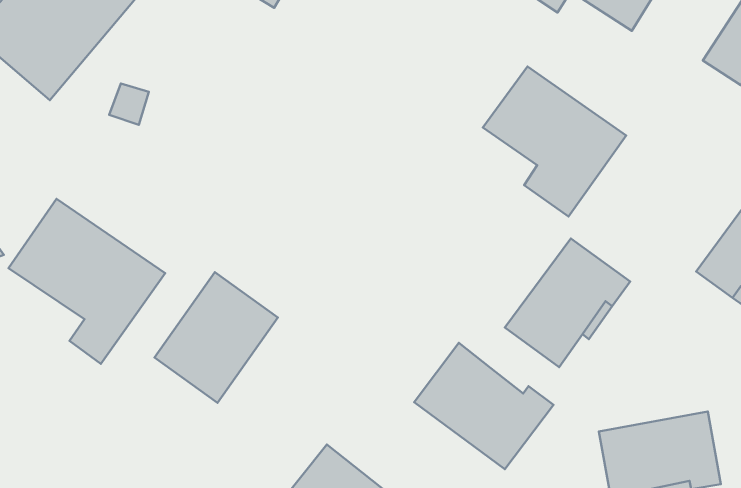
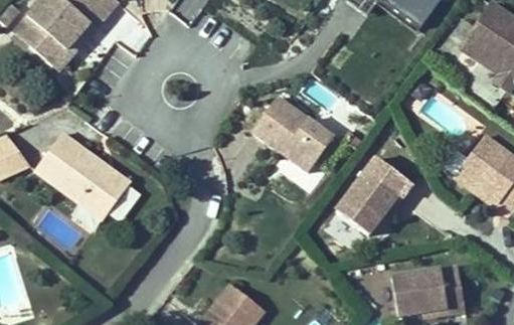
building: [483,66,626,216] -> [247,96,335,187]
building: [154,272,278,403] -> none
building: [414,343,554,469] -> none

